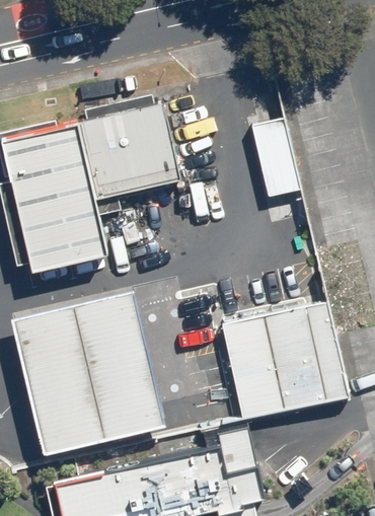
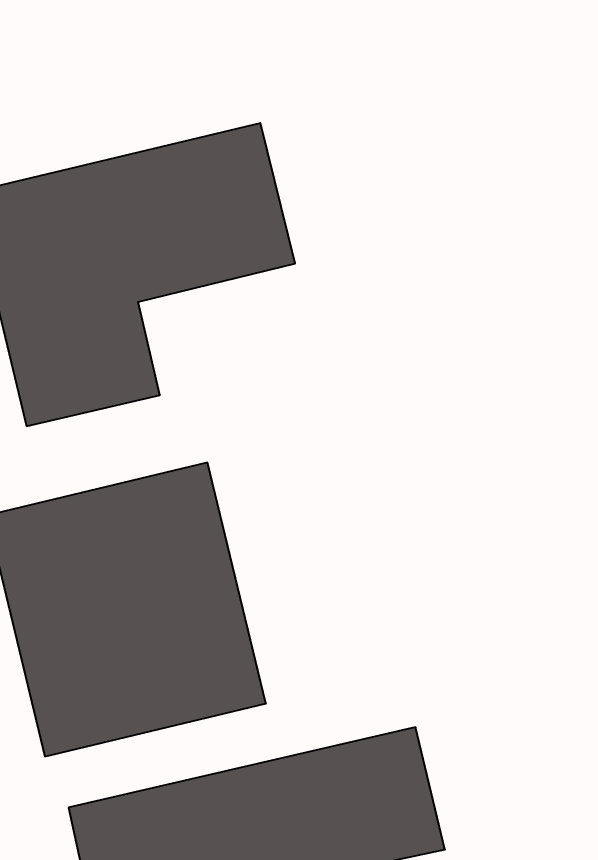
building: [251,121,299,200] -> none
building: [218,302,342,423] -> none

